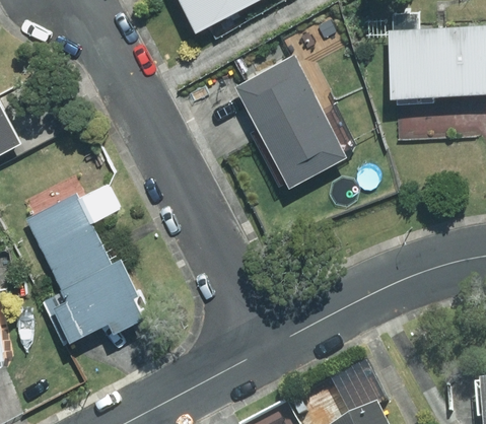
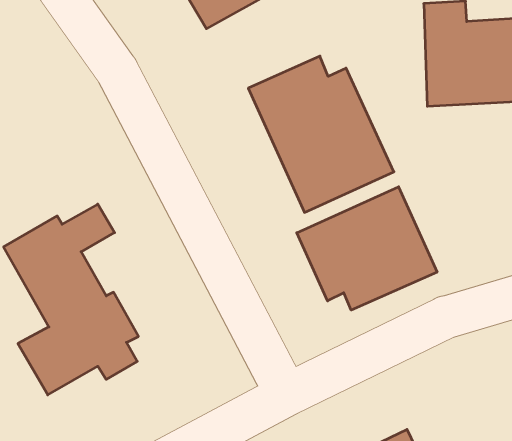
building: none -> [297,187,437,310]

